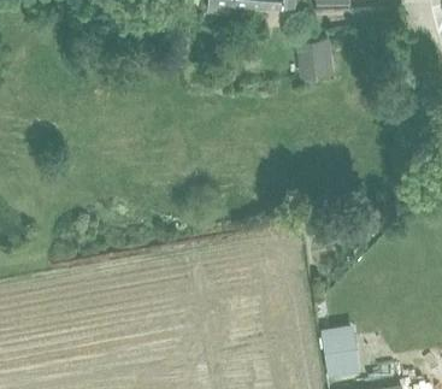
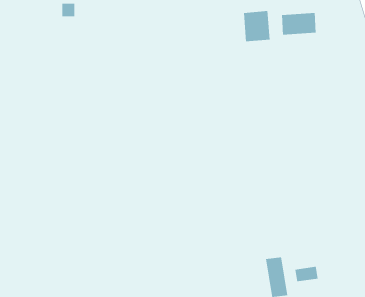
building: none -> [281,12,316,35]

